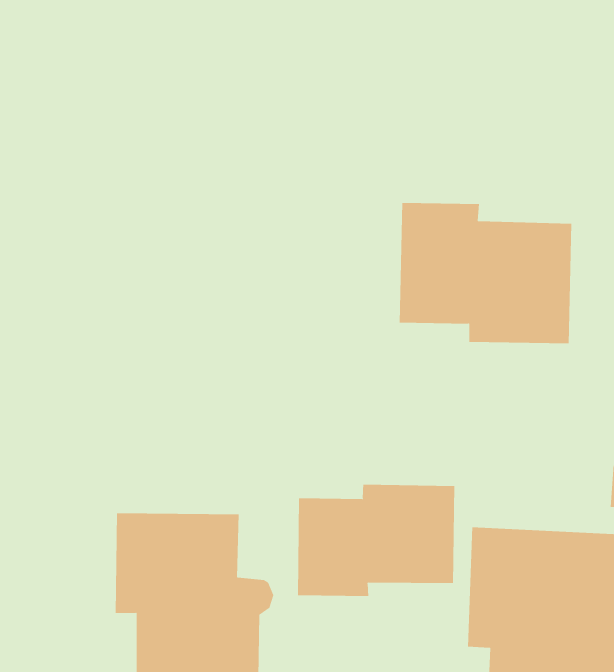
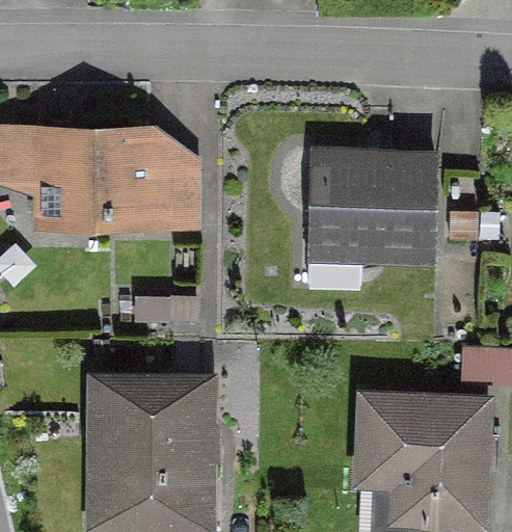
building: none -> [41,135,194,227]
building: [297,484,455,597] -> none

